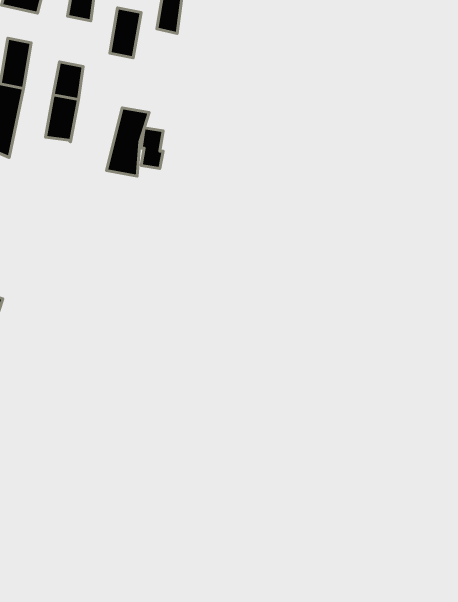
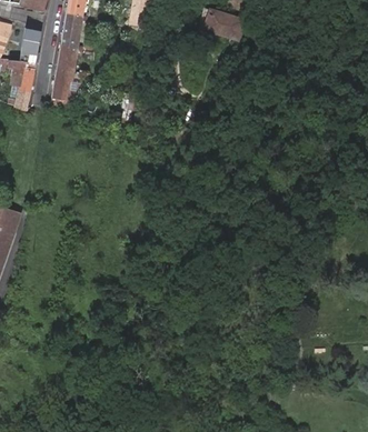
building: none -> [192,7,241,36]
building: [110,8,141,58] -> [60,13,82,49]
building: [107,108,149,176] -> none

